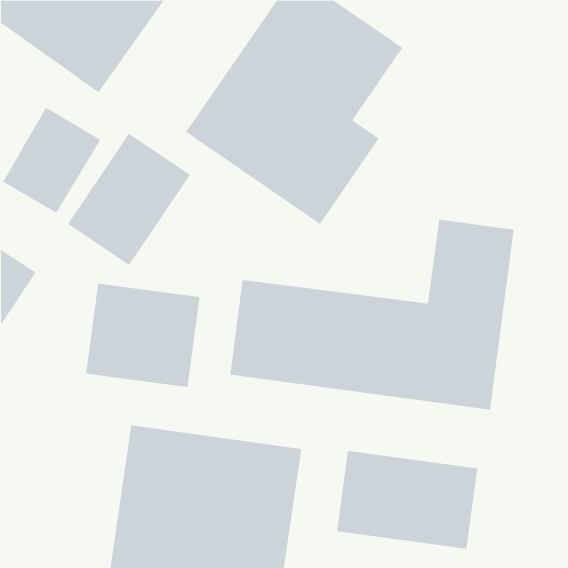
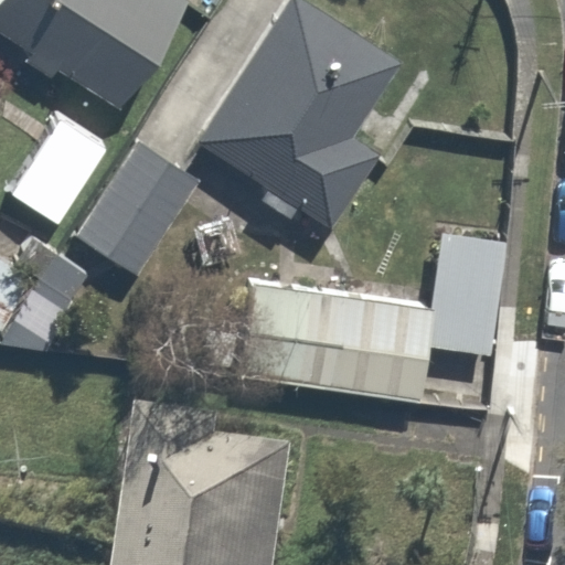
building: [85,283,200,388] -> none
building: [336,450,478,549] -> none

